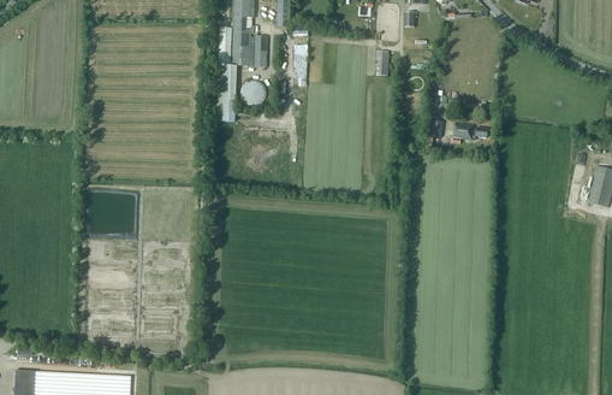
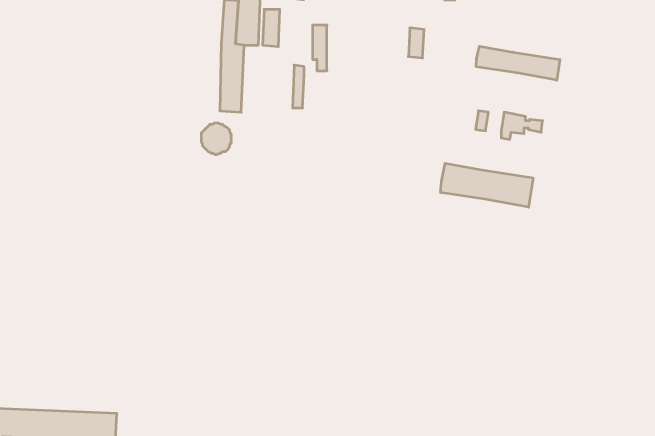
building: none -> [476,46,560,80]
building: [242,79,267,106] -> [201,123,231,154]
building: none -> [441,163,533,207]

